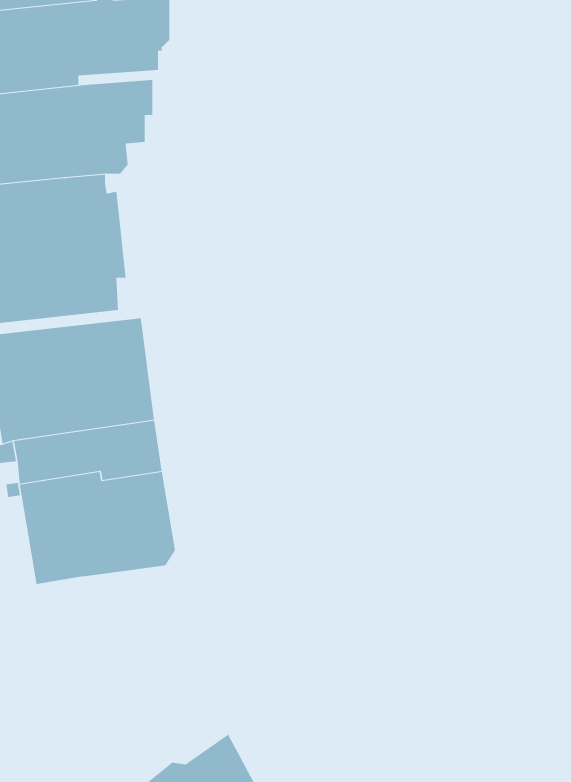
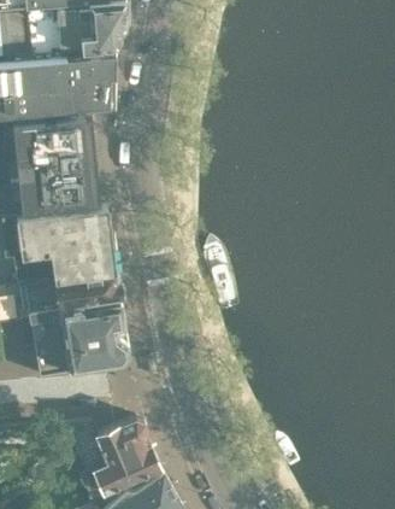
building: none -> [67,417,161,497]

